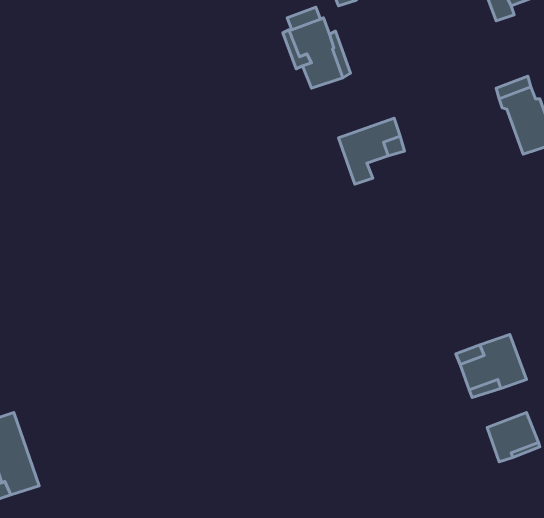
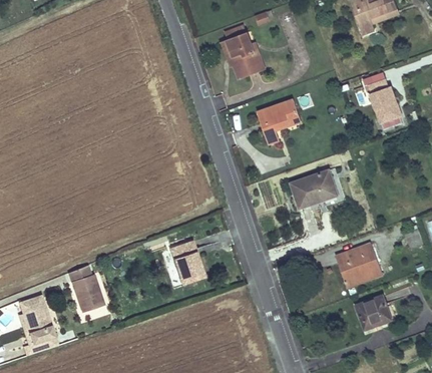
building: none -> [291,170,337,208]
building: none -> [170,241,203,283]
building: none -> [68,264,103,312]

